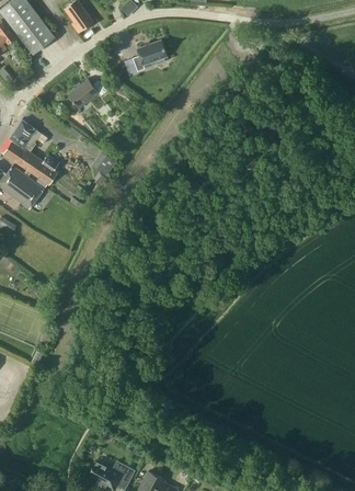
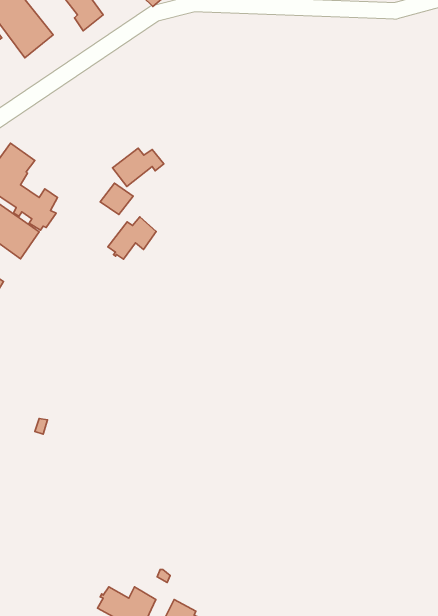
building: [131,41,167,72] -> none
building: [67,80,106,110] -> [112,148,164,187]
building: none -> [108,217,156,259]

